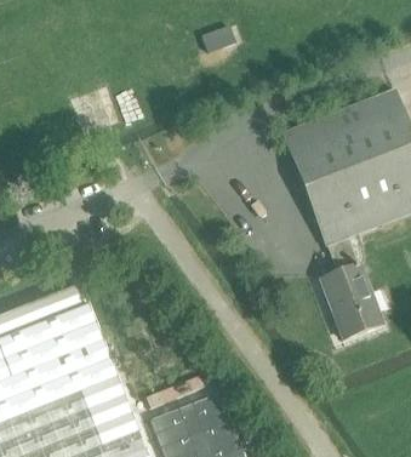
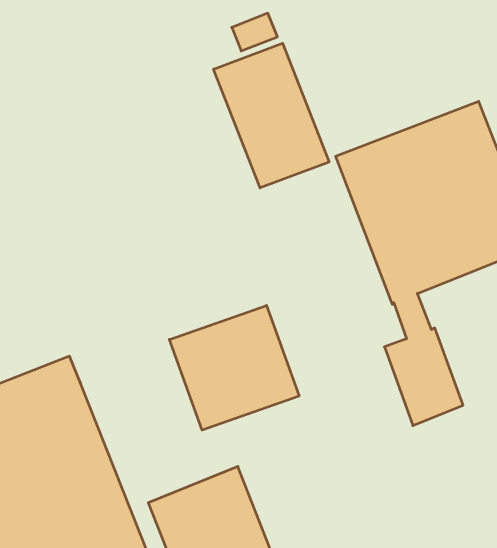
building: none -> [214,43,329,188]
building: none -> [169,305,299,430]

